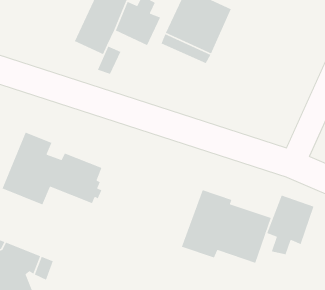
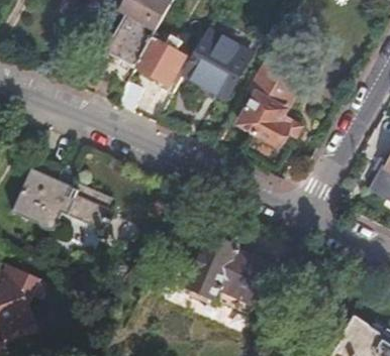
building: none -> [242,62,304,165]
building: [266,195,315,255] -> none

